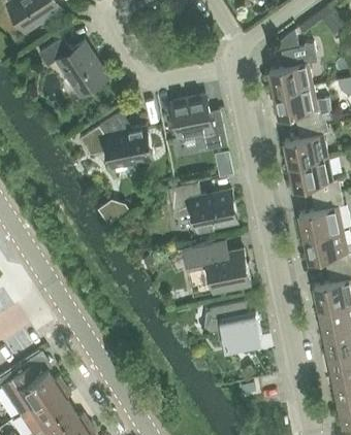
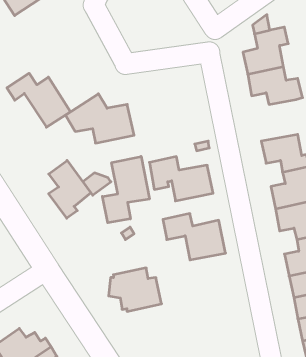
building: [38,38,106,96] -> [7,73,71,127]
building: [171,96,227,150] -> none
building: [283,122,327,166] -> none
building: none -> [102,156,149,223]
building: none -> [49,160,91,218]
building: [204,301,261,347] -> [109,268,162,311]

